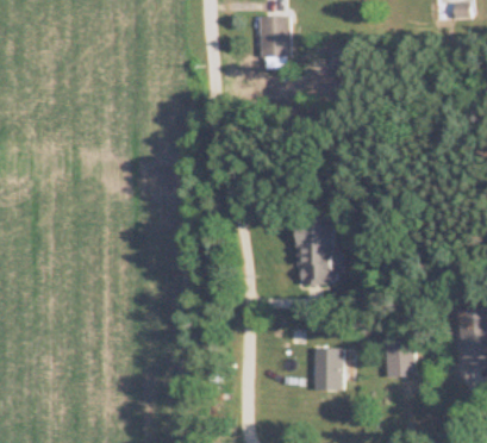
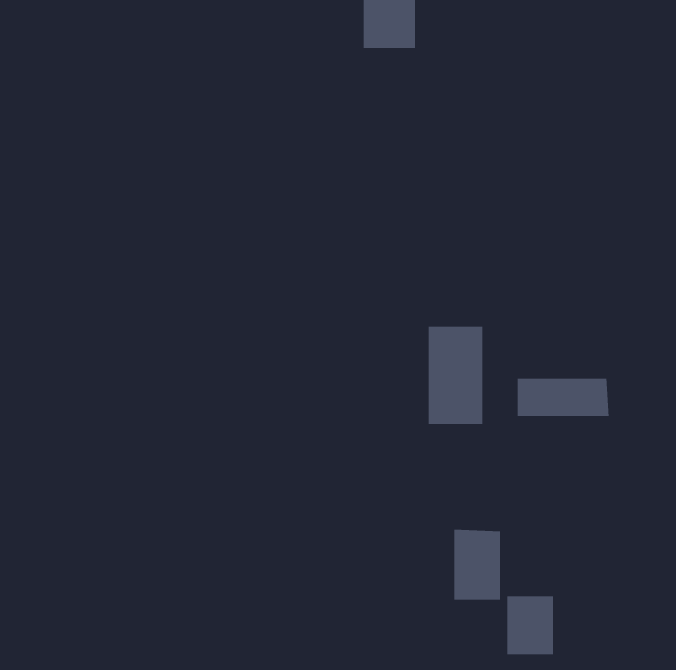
building: none -> [517,378,609,417]
building: [386,342,414,378] -> [506,596,554,655]

